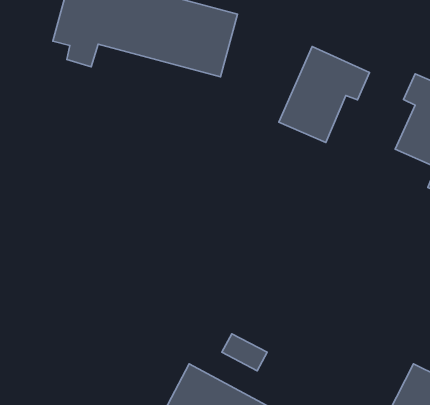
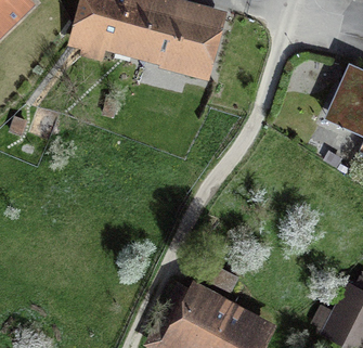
building: [279,47,369,143] -> none

